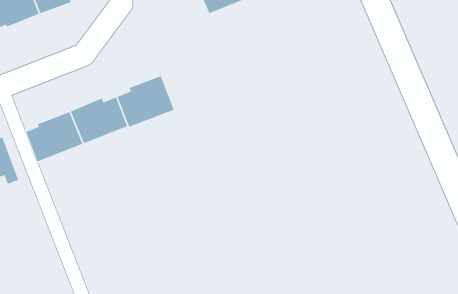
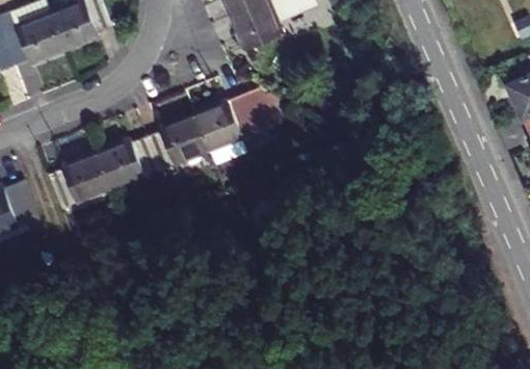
building: none -> [193,88,284,167]

